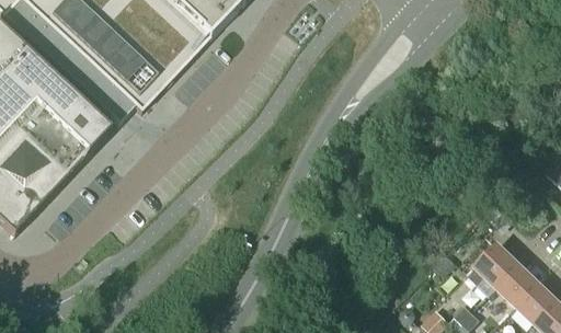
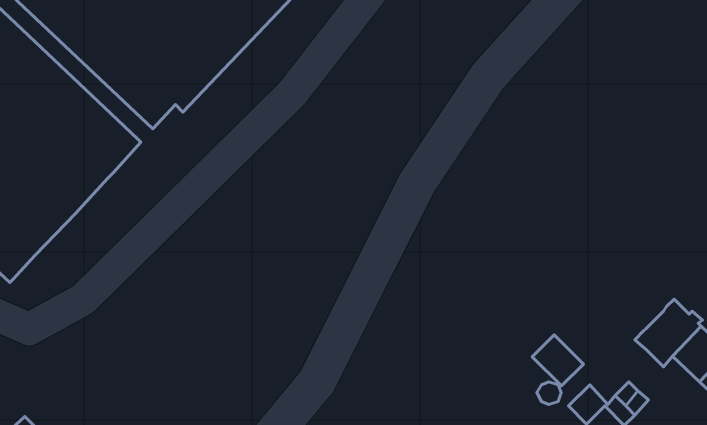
building: none -> [532,335,583,386]

